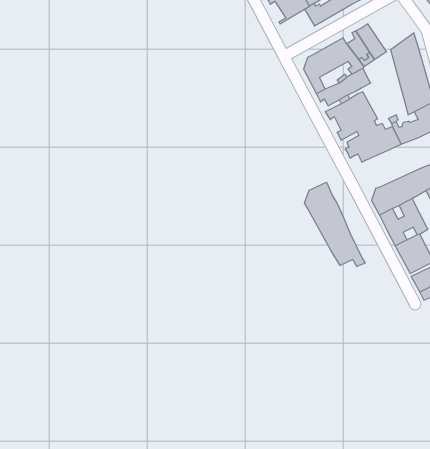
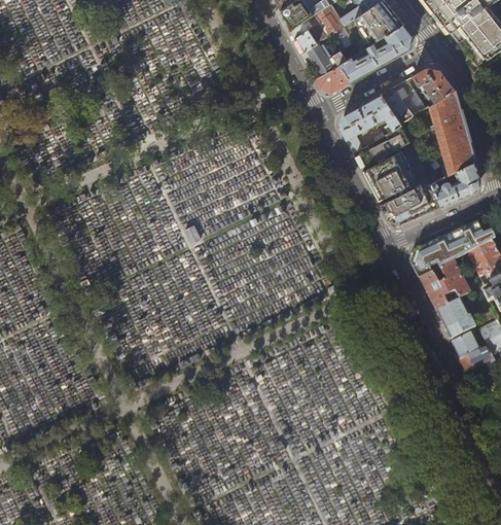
building: none -> [315,62,351,90]
building: none -> [413,66,455,103]
building: [305,182,365,267] -> none

